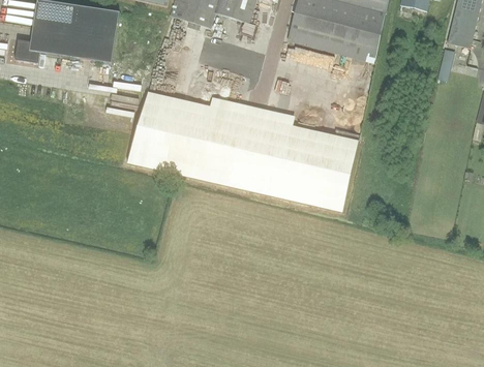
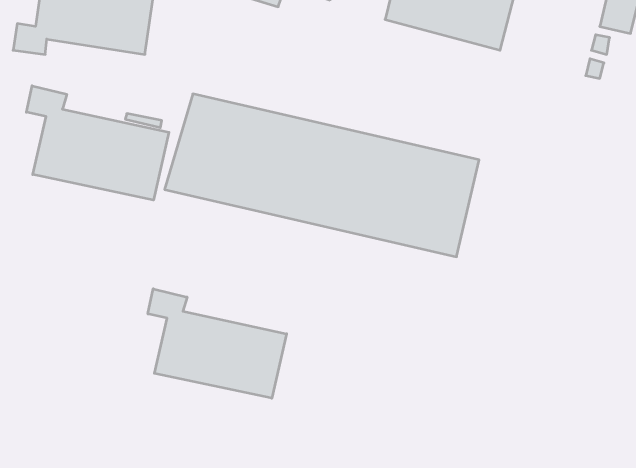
building: none -> [26,86,169,200]
building: none -> [148,289,287,398]

